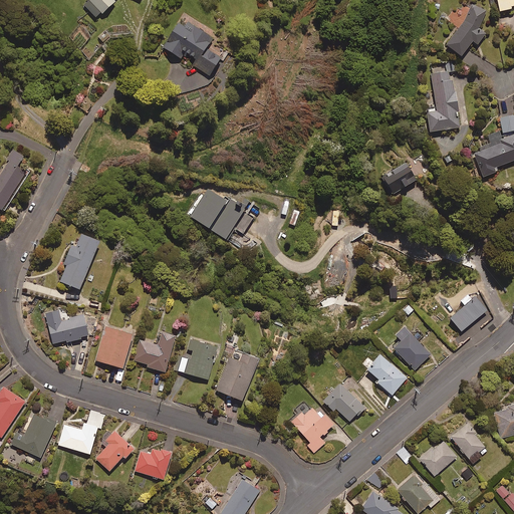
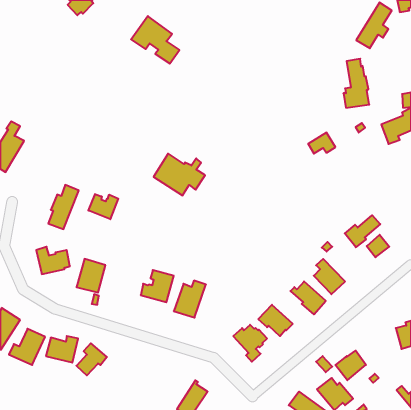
building: none -> [88,194,118,219]
building: none -> [345,215,380,247]
building: [134,331,174,370] -> none
building: [450,423,489,463] -> none
building: [135,446,171,479] -> none

